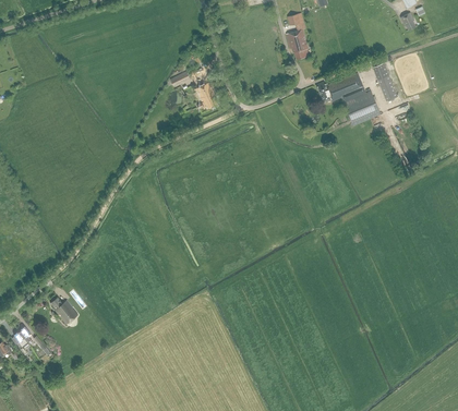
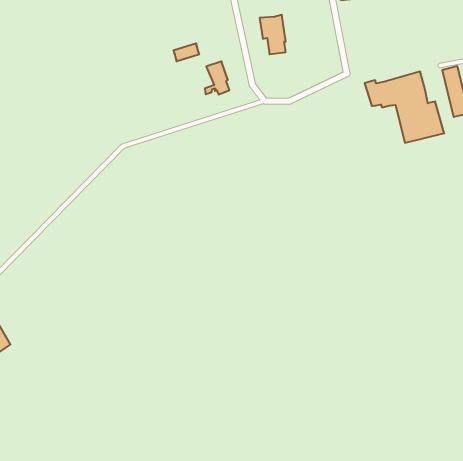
building: [285,28,308,59] -> [260,15,286,54]

